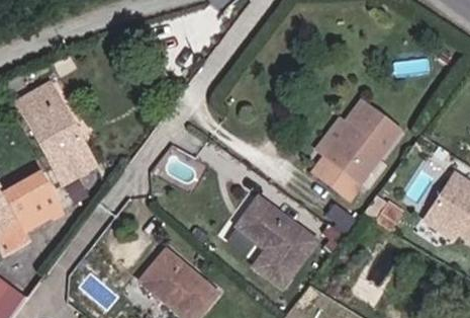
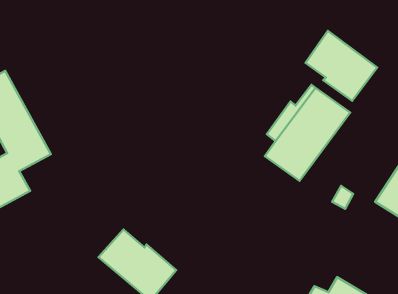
building: none -> [306,31,377,101]
building: [237,194,316,285] -> none

